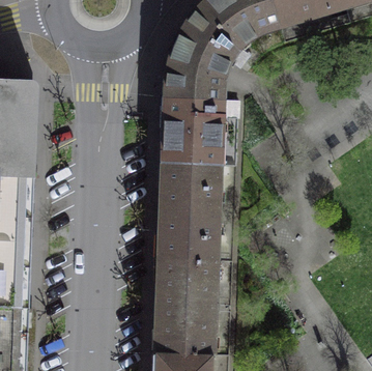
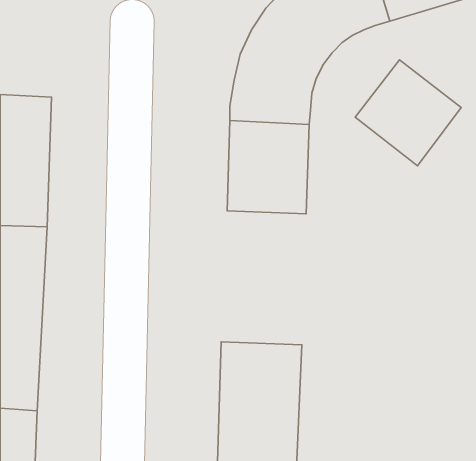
building: none -> [355,60,461,166]
building: [160,162,221,258] -> none

